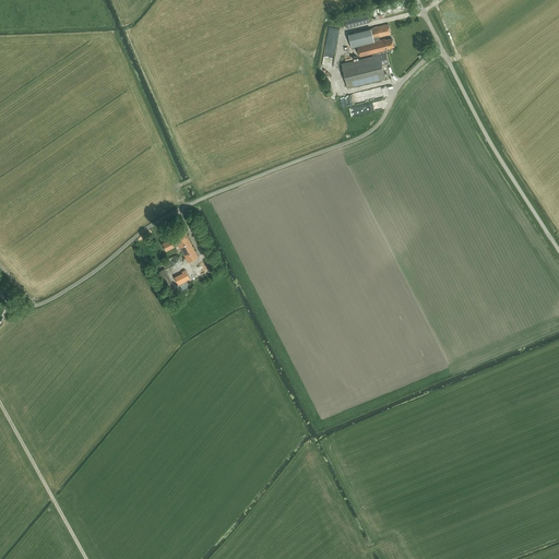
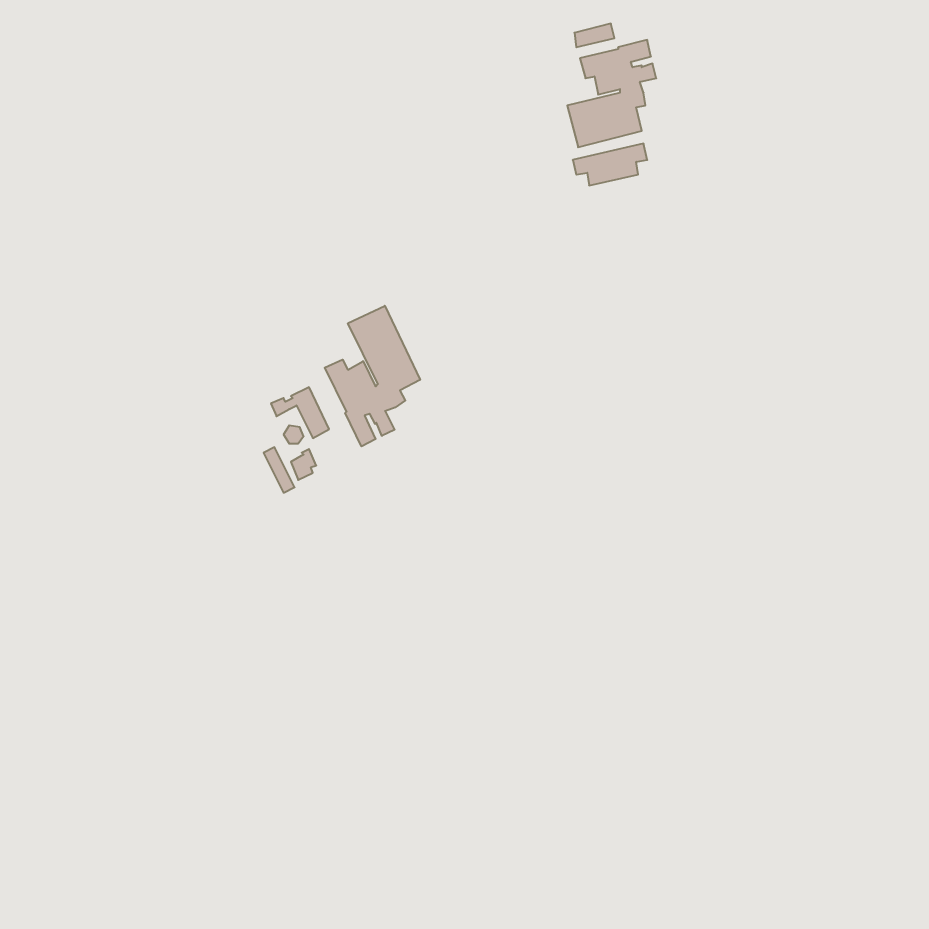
building: none -> [325,306,420,446]

